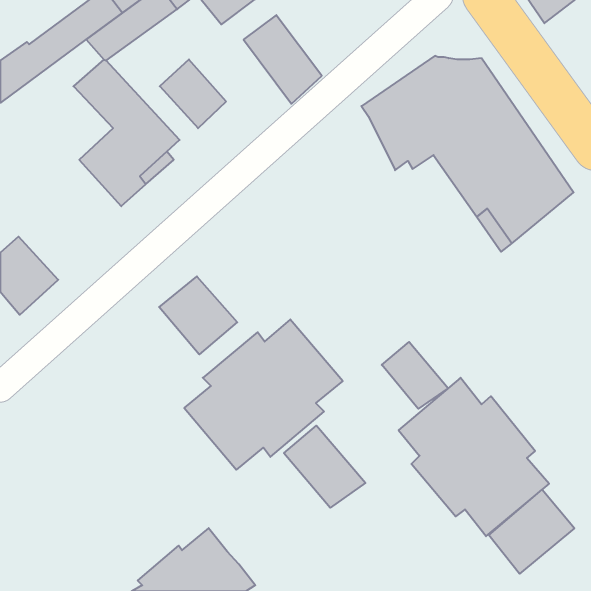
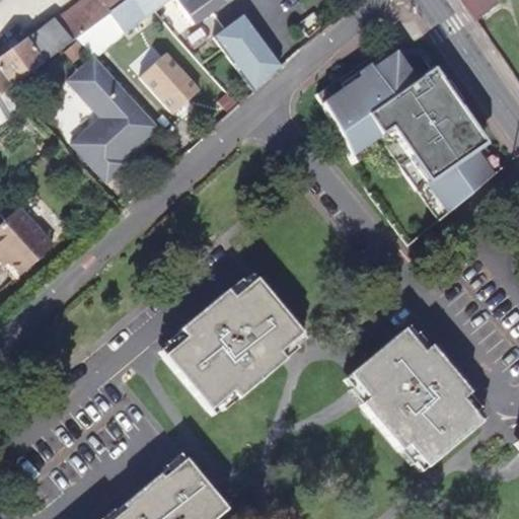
building: [159,276,237,354] -> none
building: [382,342,448,409] -> none
building: [284,426,365,508] -> none
building: [489,489,574,574] -> none

